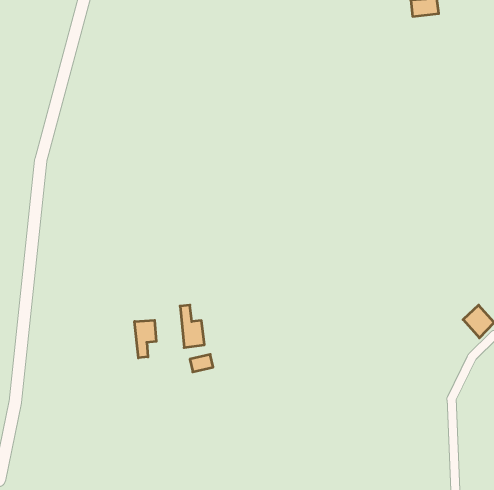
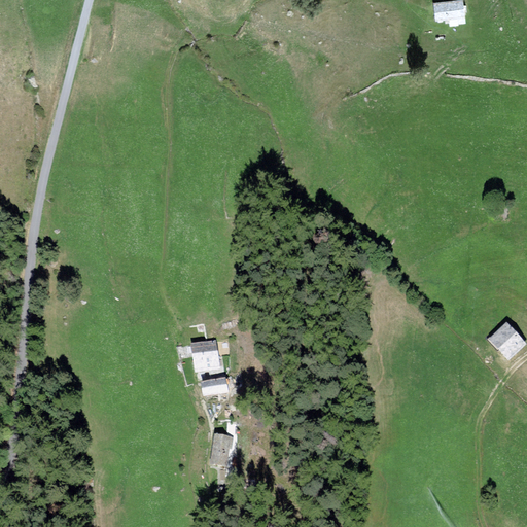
building: [135,320,156,358] -> none
building: none -> [211,433,231,464]

